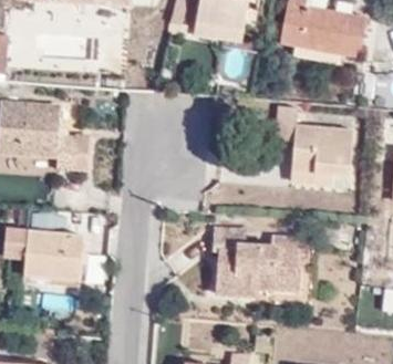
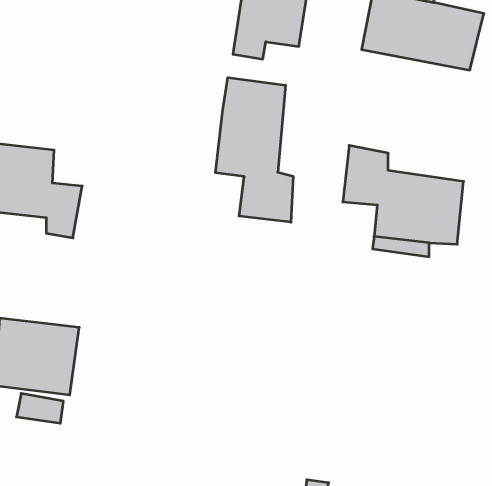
building: none -> [216,78,293,222]
building: [214,235,303,302] -> none

